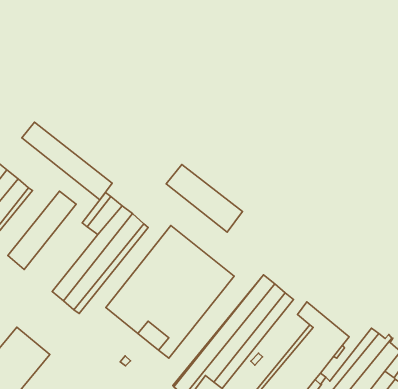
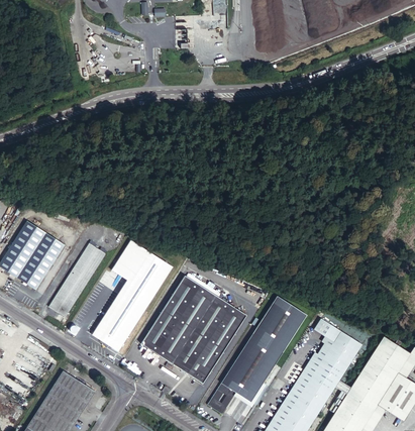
building: [22,122,112,200] -> none
building: [166,164,242,232] -> none

